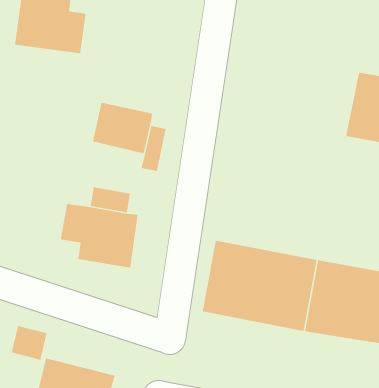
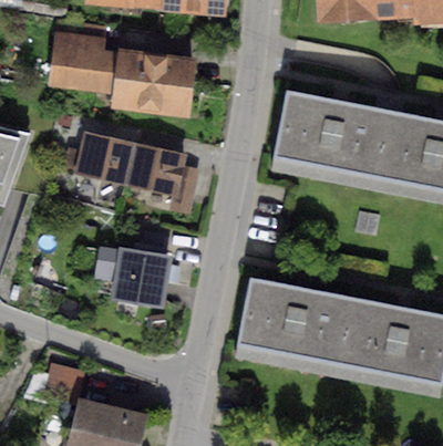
building: none -> [113,48,196,114]
building: none -> [276,92,391,177]
building: none -> [64,131,134,183]

